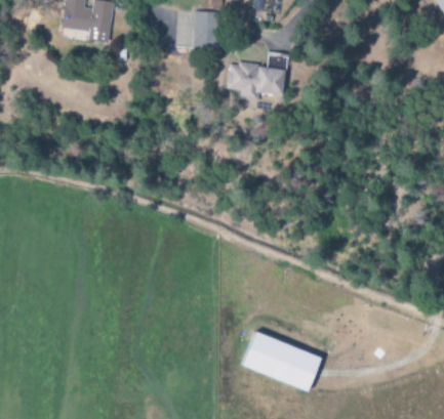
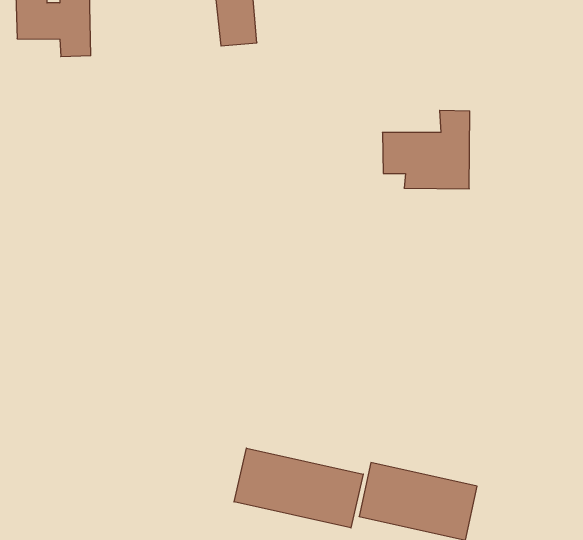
building: [227,51,288,104] -> [382,110,470,189]
building: none -> [234,448,363,528]

